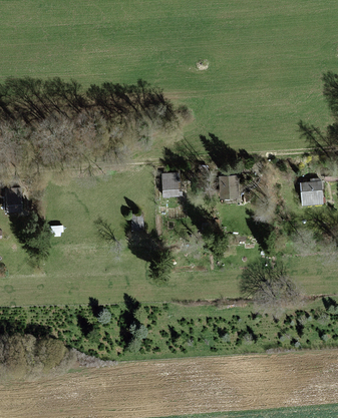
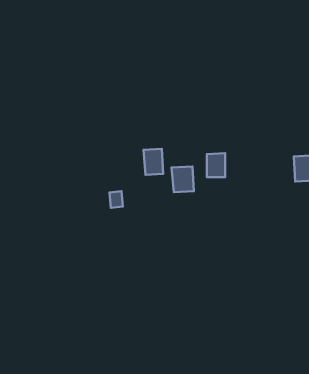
building: none -> [171,166,194,192]

